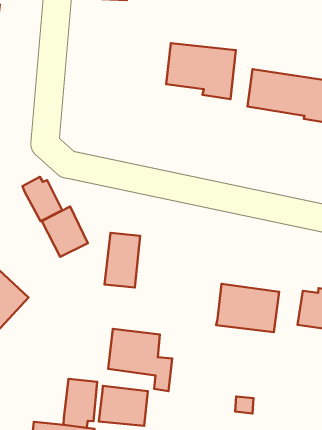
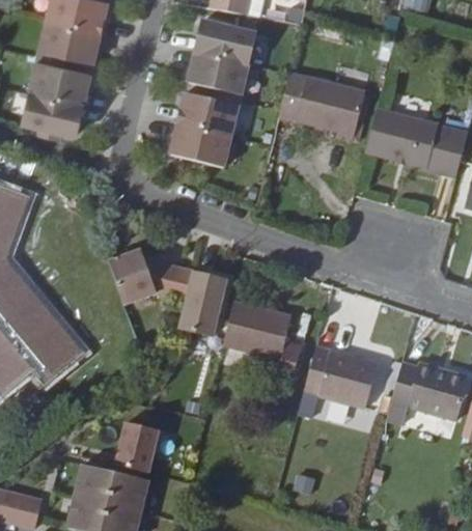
building: none -> [169,26,253,173]
building: [23,177,62,221] -> none
building: [108,329,172,391] -> [223,302,295,378]
building: [99,386,148,426] -> none

